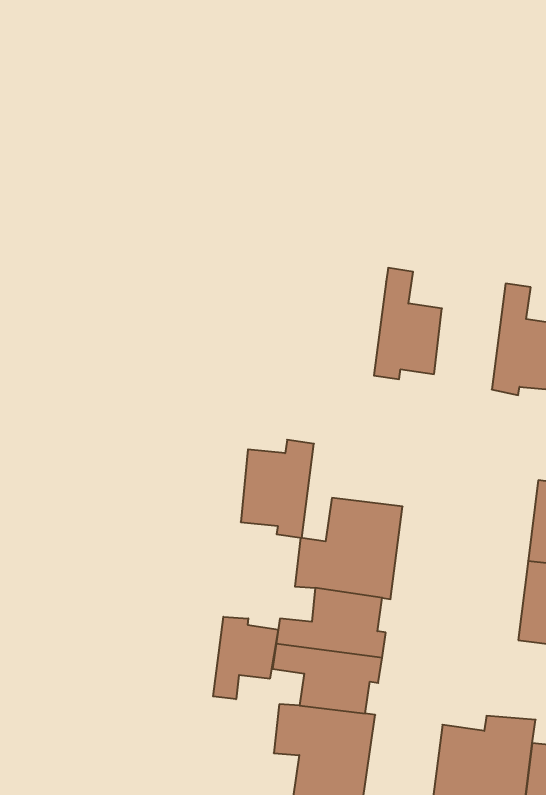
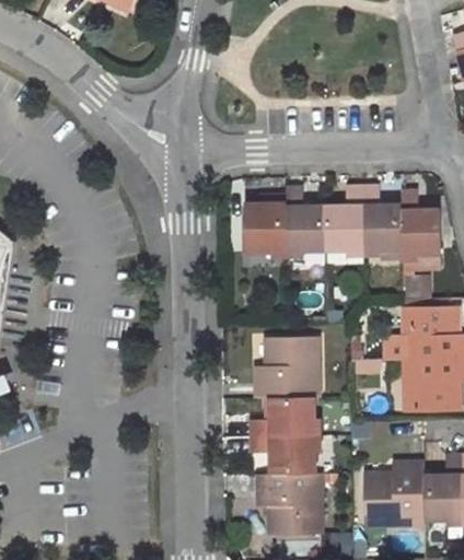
building: none -> [324,185,363,255]
building: [241,440,314,538] -> [244,195,287,256]
building: [213,617,278,699] -> none

